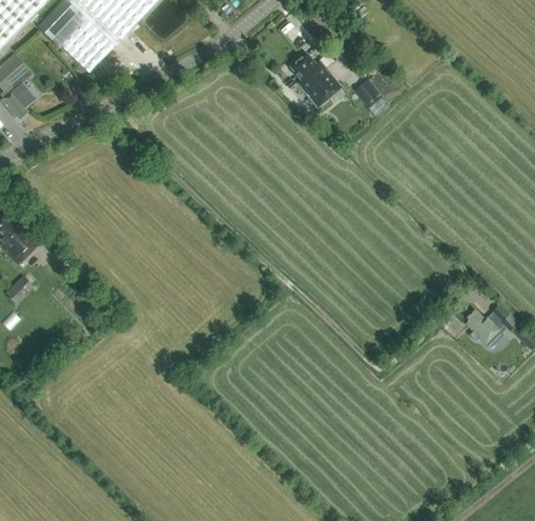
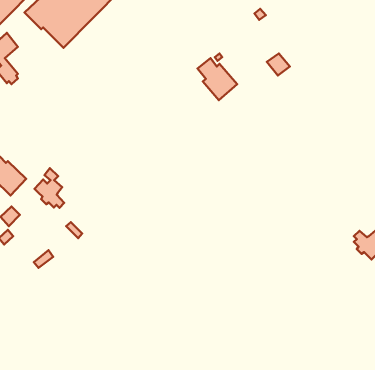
building: [292,53,344,108] -> [197,58,237,100]
building: none -> [34,168,64,208]

